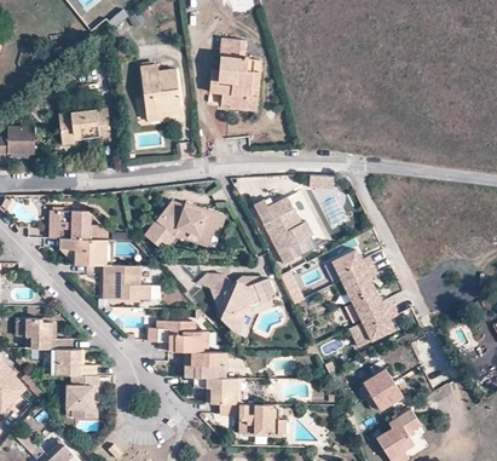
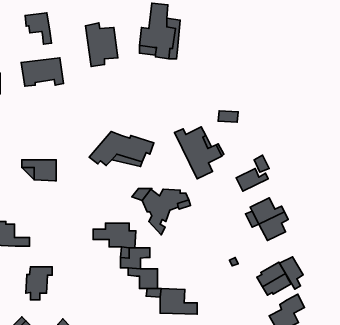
building: none -> [25,13,51,44]
building: [48,209,105,240] -> none
building: [341,264,378,300] -> none
building: [102,266,150,300] -> none
building: [51,350,96,376] -> none
building: none -> [280,257,303,289]

